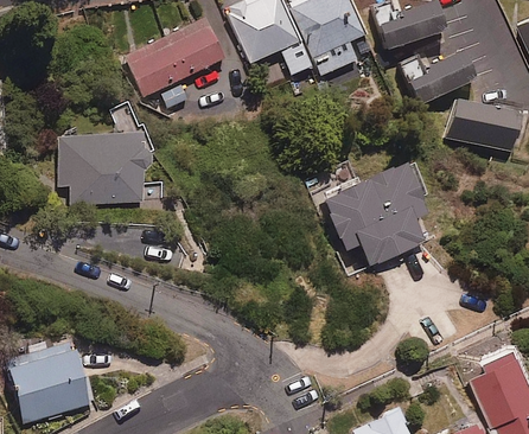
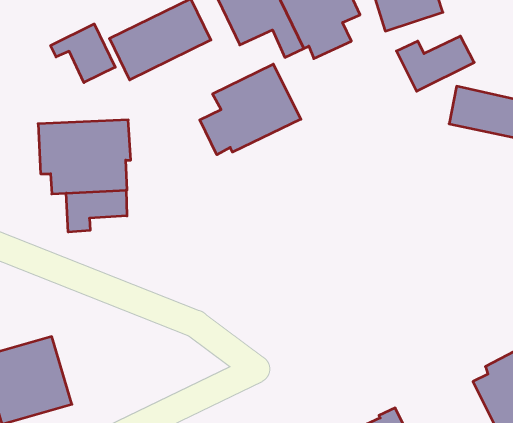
building: none -> [51,24,115,83]
building: none -> [200,64,301,155]
building: [324,162,428,267] -> none
building: none -> [66,190,127,232]

